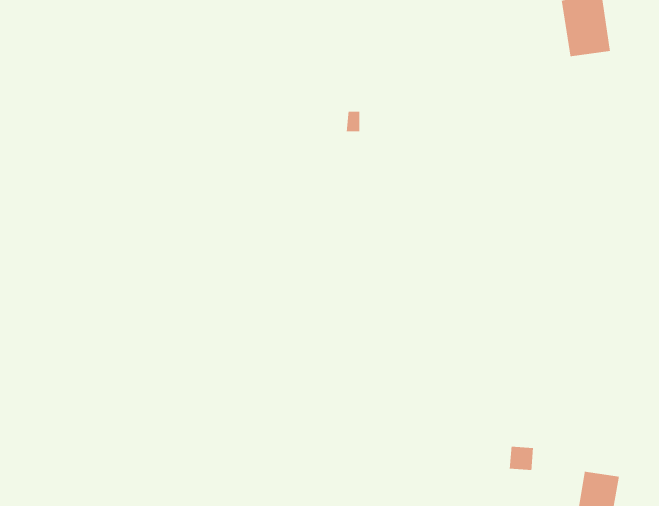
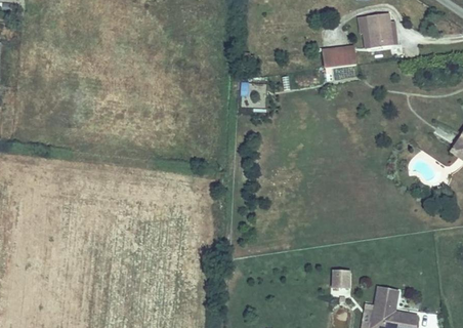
building: none -> [321,47,352,66]

